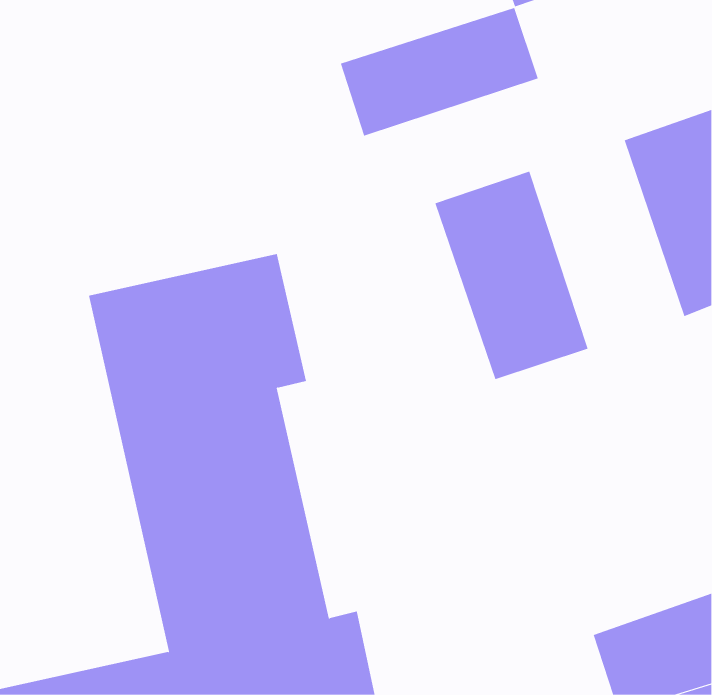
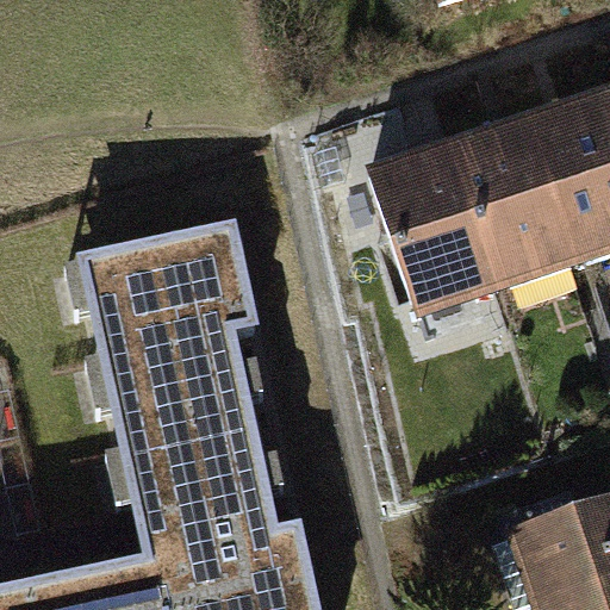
building: [340,7,538,137] -> none
building: none -> [450,119,581,297]

